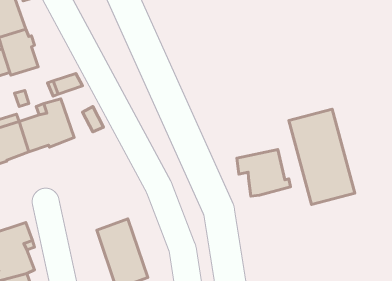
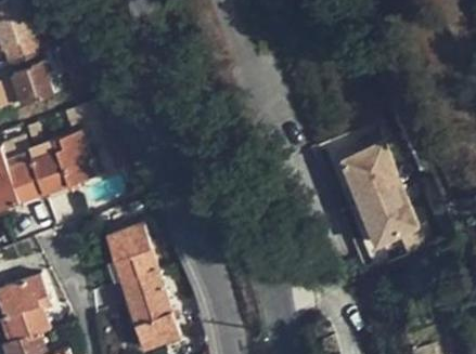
building: [237,149,290,196] -> none
building: none -> [105,225,156,284]

